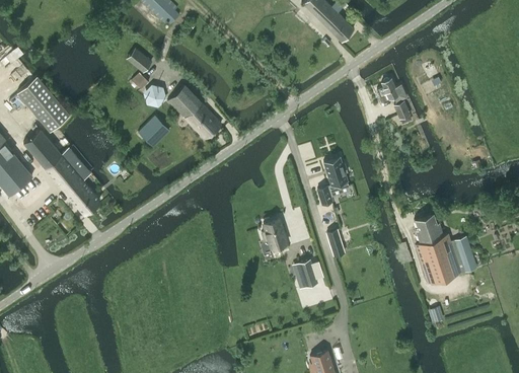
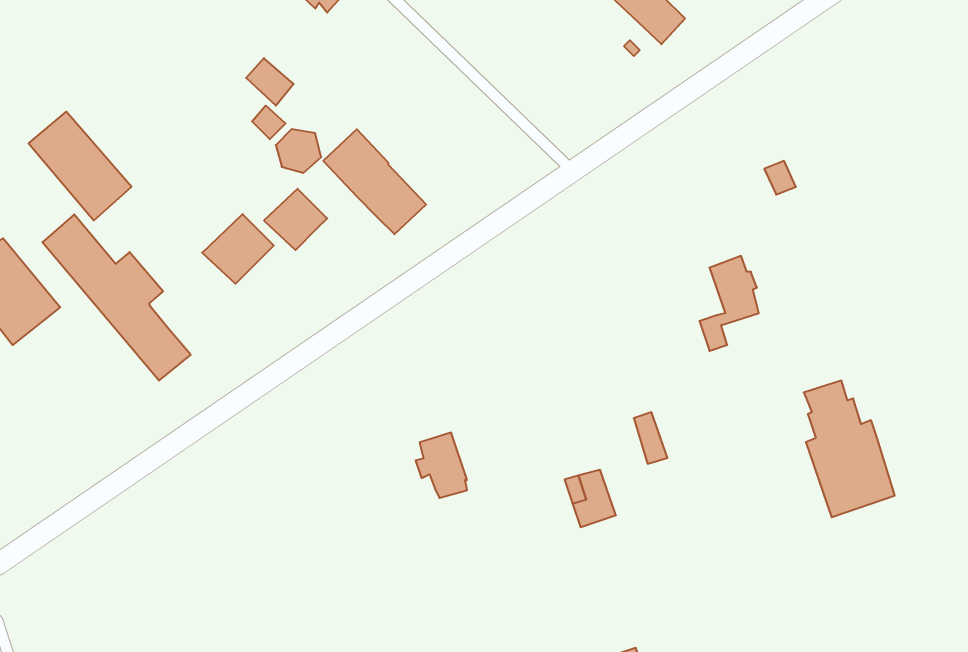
building: [377,78,407,102] -> none
building: none -> [202,214,274,284]
building: [318,156,349,205] -> [699,256,759,351]
building: [262,219,288,252] -> [416,433,467,498]
building: [452,238,475,273] -> none

